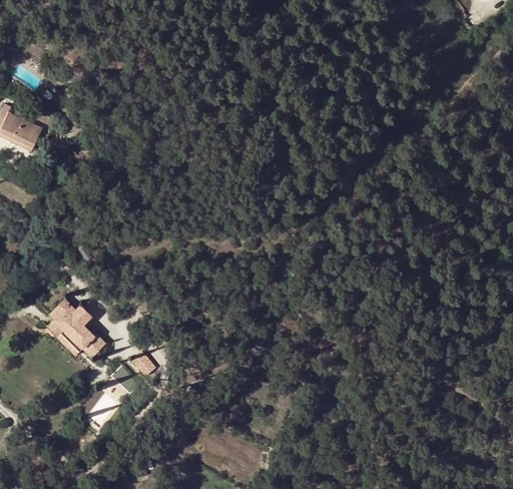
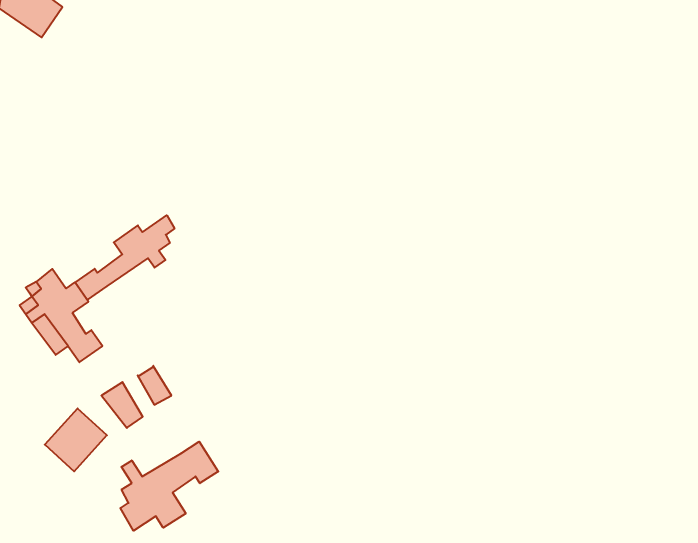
building: none -> [75,215,174,300]
building: none -> [120,442,218,531]

